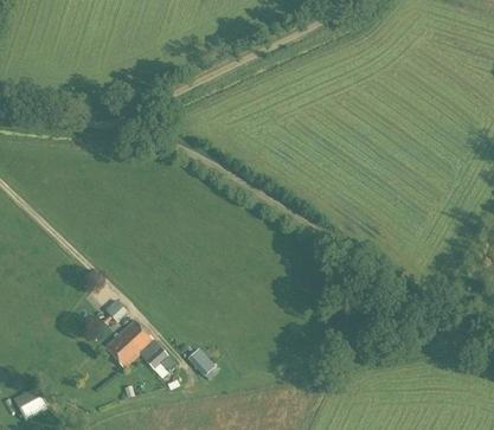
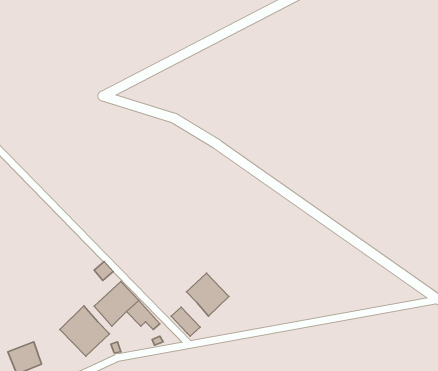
building: none -> [186,273,229,316]
building: none -> [60,306,110,356]

